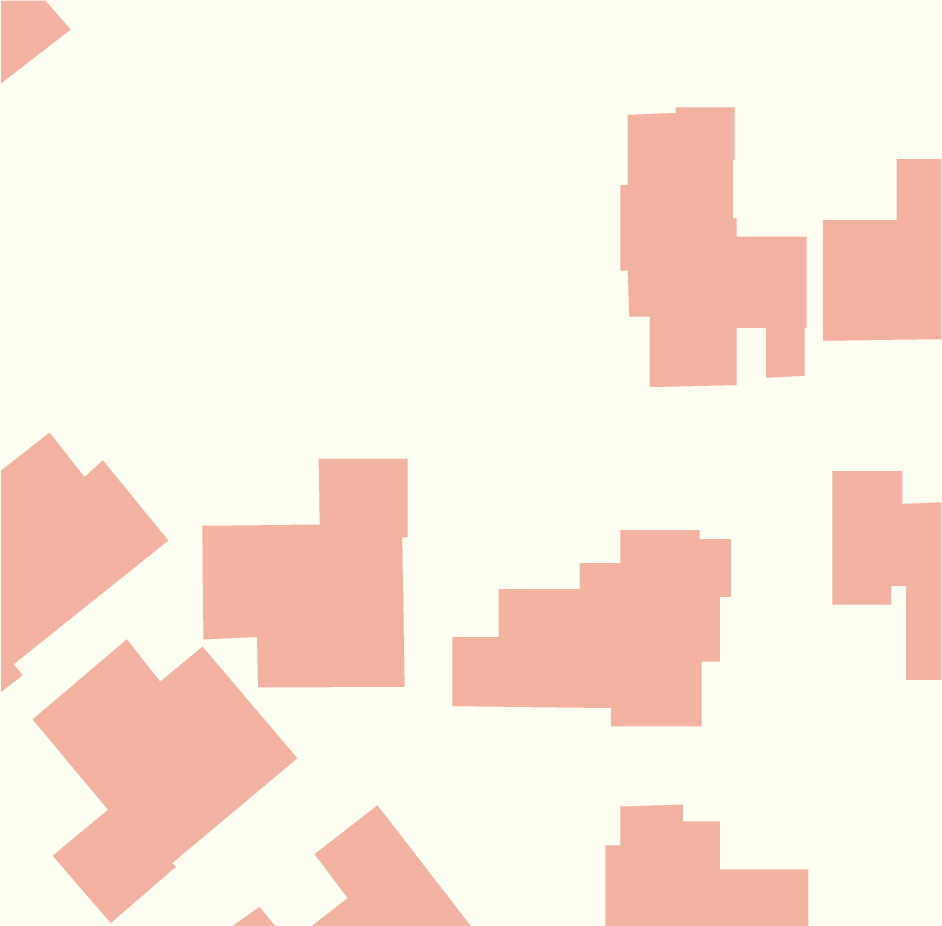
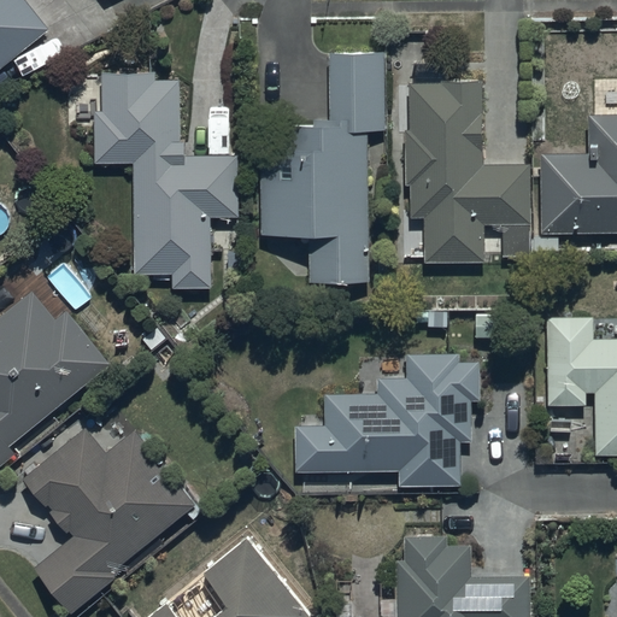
building: none -> [260,53,384,283]
building: none -> [94,75,239,289]
building: [202,458,408,688] -> none

